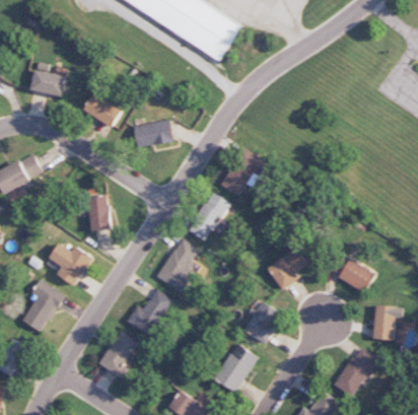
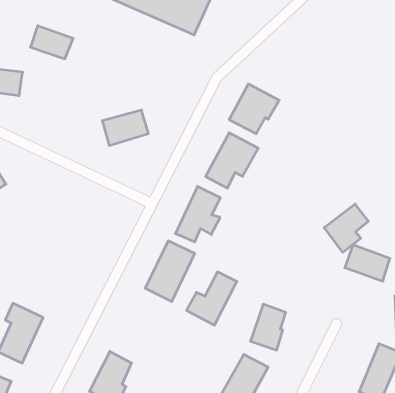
building: [83,94,122,126] -> [30,26,73,59]
building: none -> [229,84,279,134]
building: [86,195,111,231] -> none
building: [48,243,92,286] -> none
building: [267,249,306,290] -> [324,204,368,252]
building: [126,289,172,336] -> [187,272,237,325]

